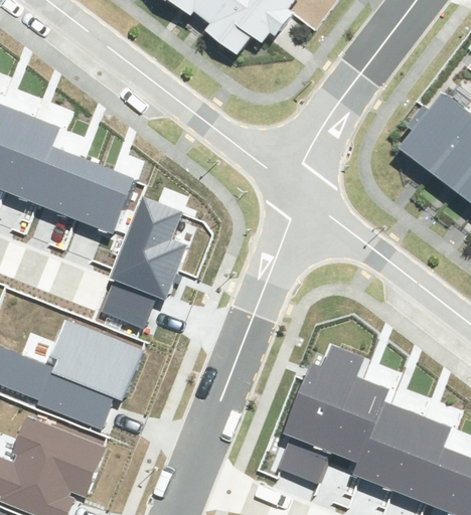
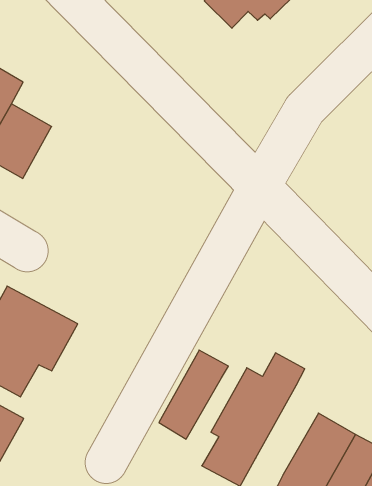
building: [69,165,129,233] -> none
building: [101,196,185,329] -> none
building: [330,377,388,464] -> [159,350,228,439]

